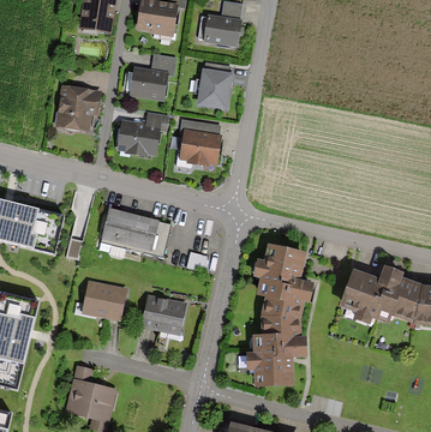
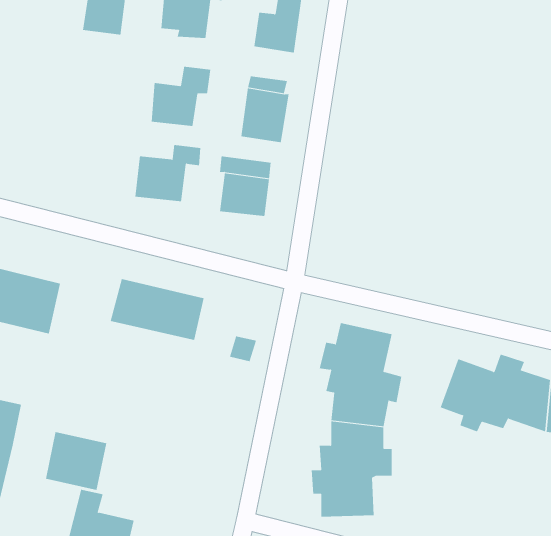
building: [55,86,98,130] -> none
building: [82,278,127,322] -> [45,432,107,490]
building: [140,294,187,335] -> none

